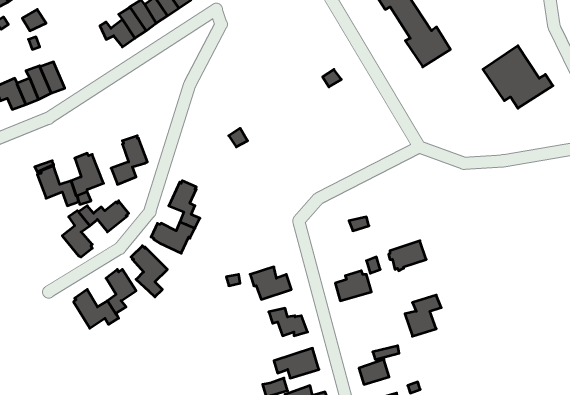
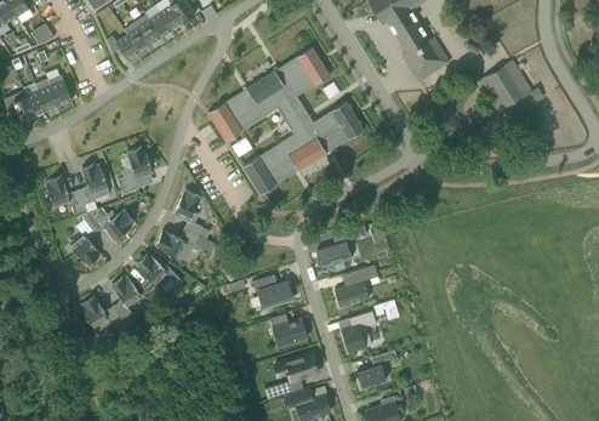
building: none -> [210,47,364,192]
building: [389,241,426,271] -> [316,239,353,268]
building: [405,295,441,336] -> [342,311,377,351]

